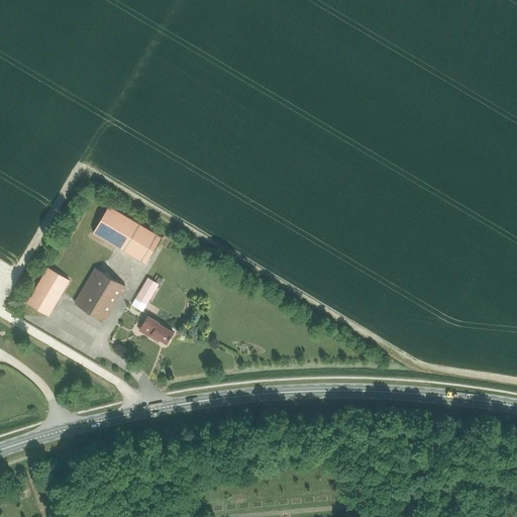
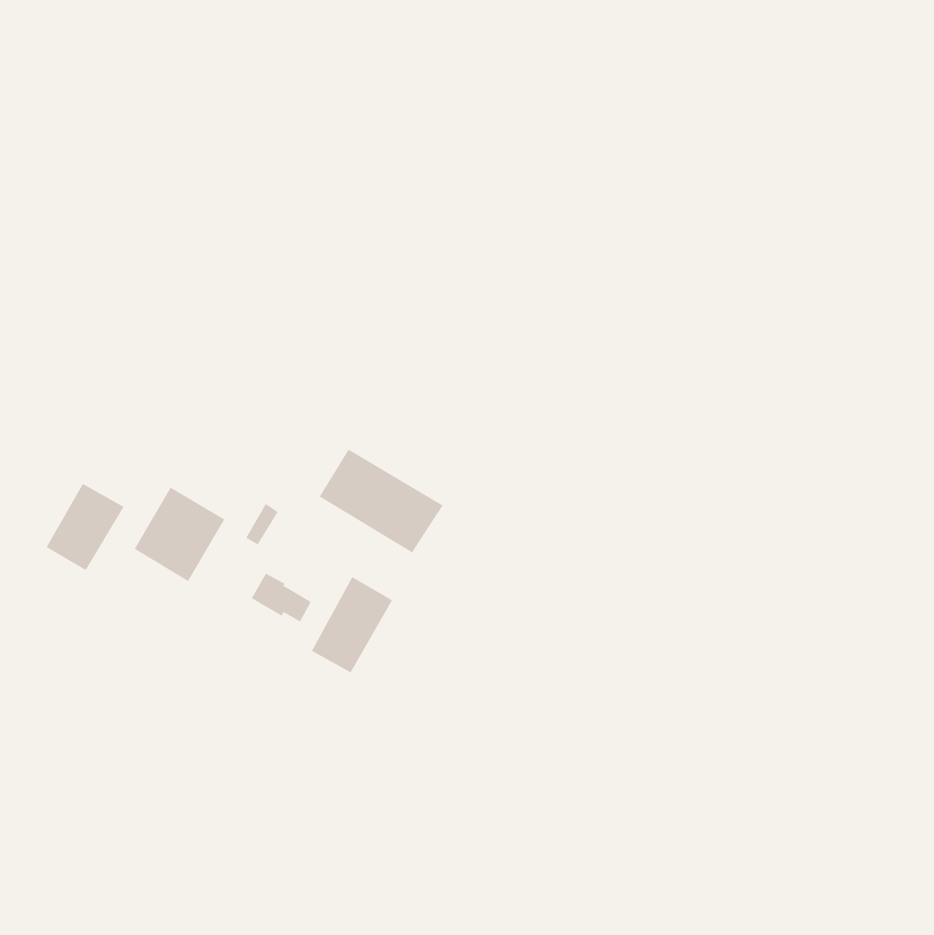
building: [92,206,161,264] -> [319,449,444,553]
building: none -> [311,576,393,673]

